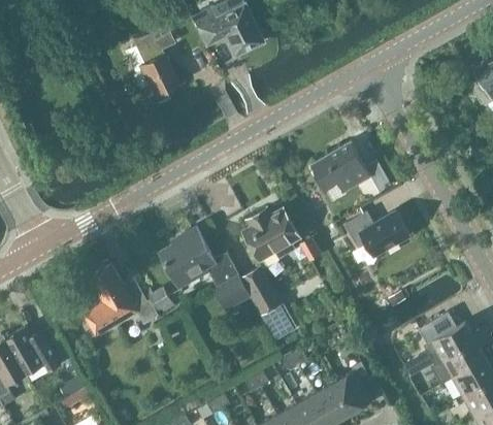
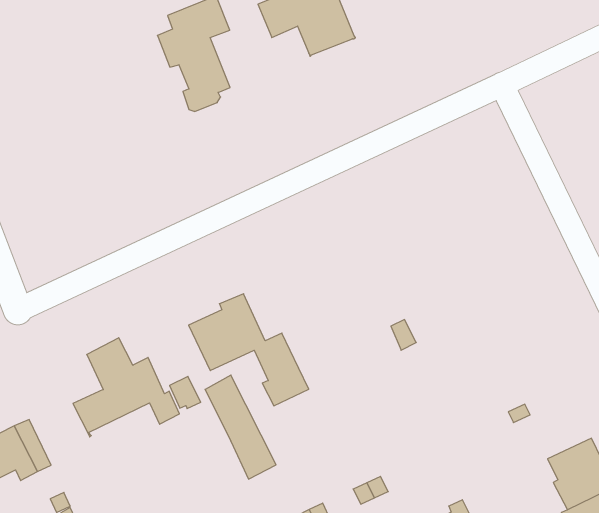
building: [313,141,392,198] -> none
building: [244,209,300,260] -> none
building: [346,211,410,256] -> none
building: [243,267,297,339] -> [205,375,276,479]

